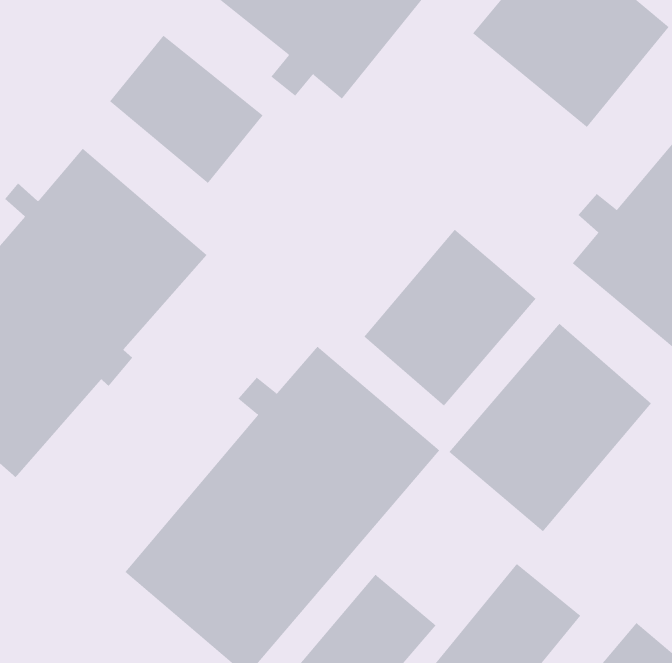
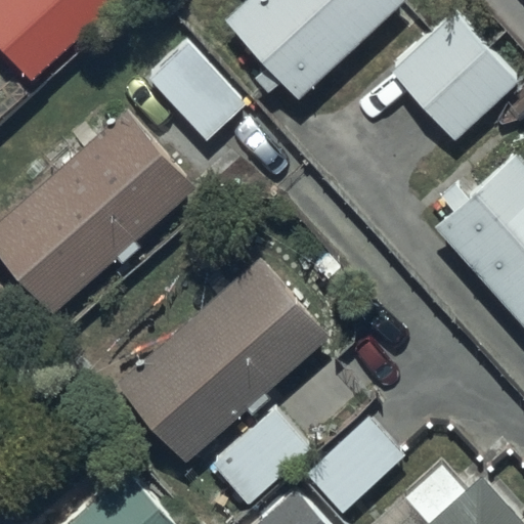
building: [364,229,537,406] -> none
building: [448,323,652,532] -> none

